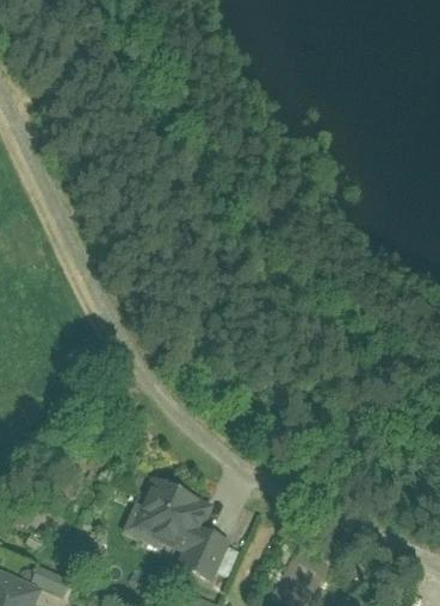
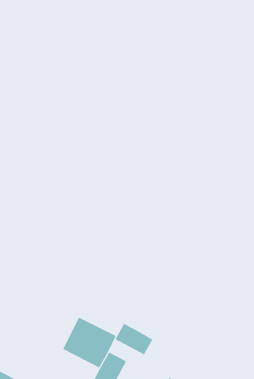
building: none -> [115,323,153,355]

